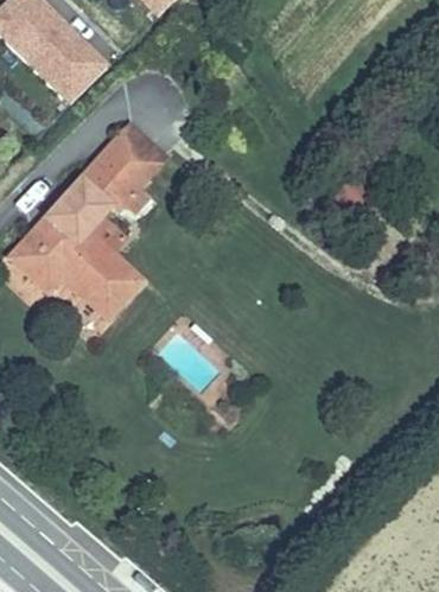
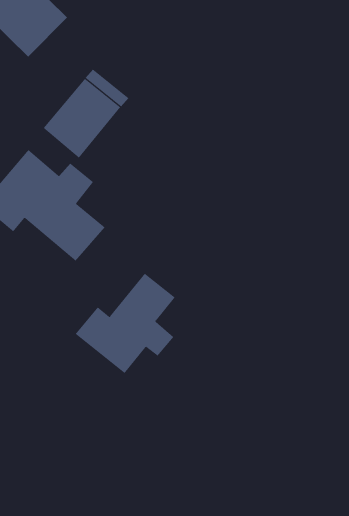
building: none -> [75,273,176,374]

